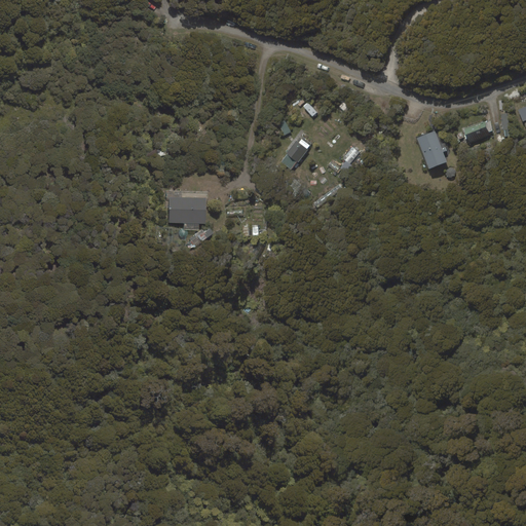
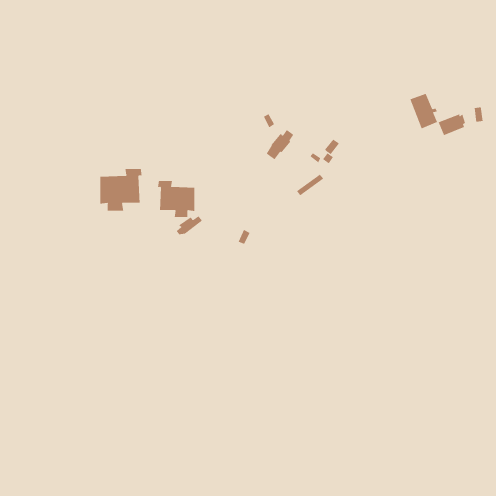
building: [417,132,447,170] -> [410,93,438,129]
building: none -> [100,168,142,211]

